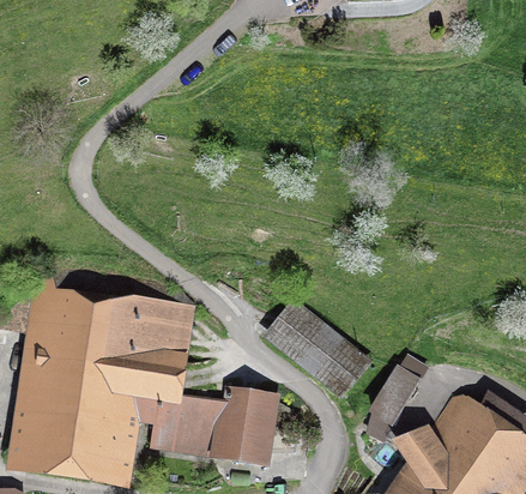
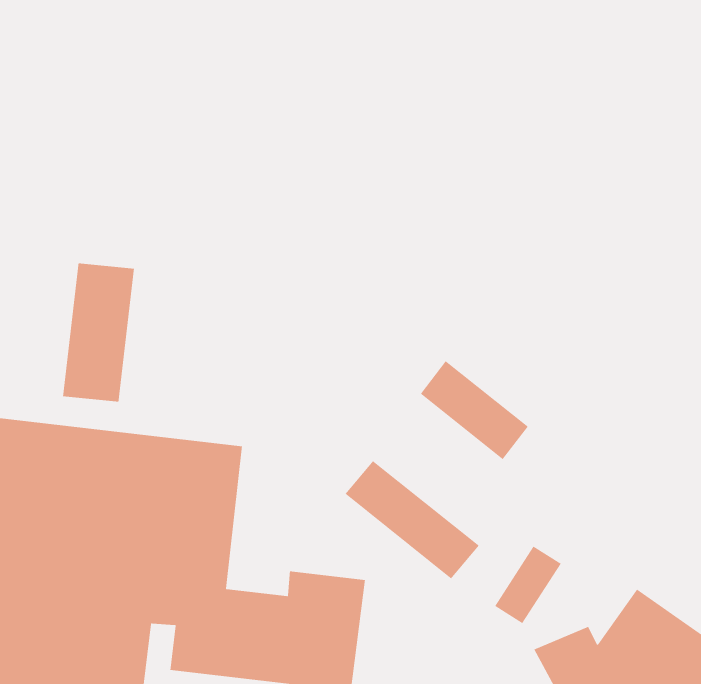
building: none -> [62,263,135,403]
building: none -> [420,360,529,460]

